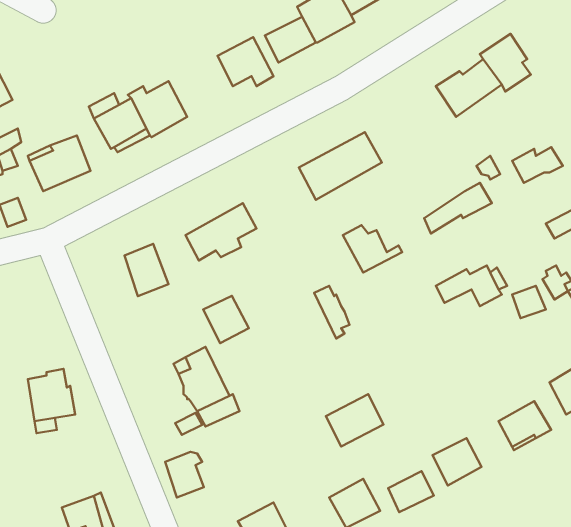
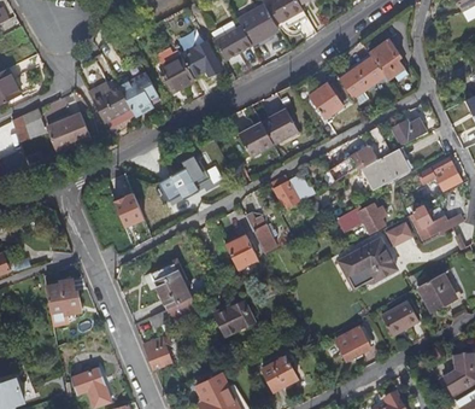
building: none -> [158,54,194,90]
building: none -> [309,83,342,118]
building: none -> [368,147,410,186]
building: [203,296,249,343] -> [224,235,257,269]
building: none -> [340,240,395,280]
building: [326,394,383,447] -> [213,299,254,337]
building: [388,471,434,512] -> none

